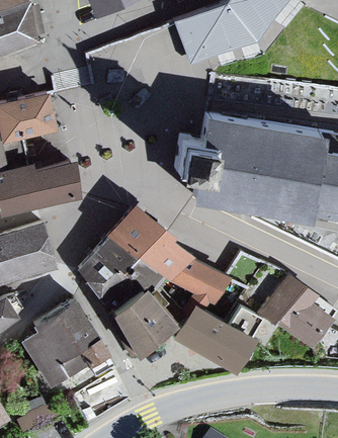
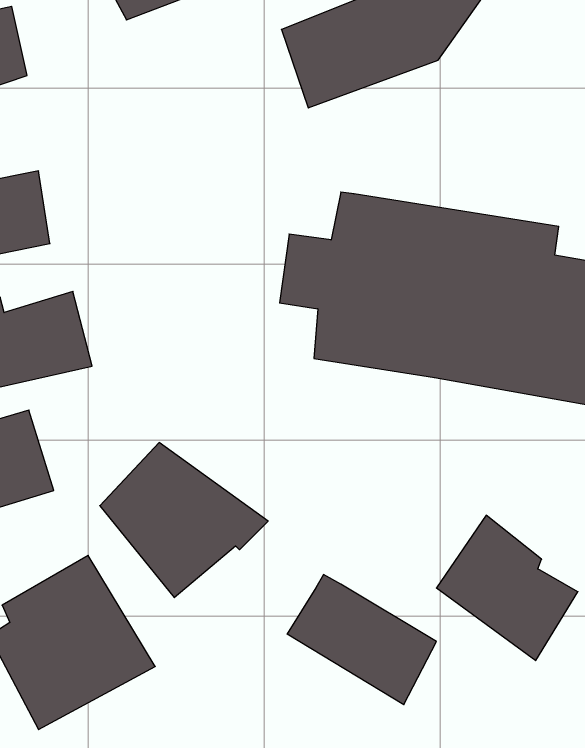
building: [110,205,235,315] -> none
building: [118,292,183,361] -> none

